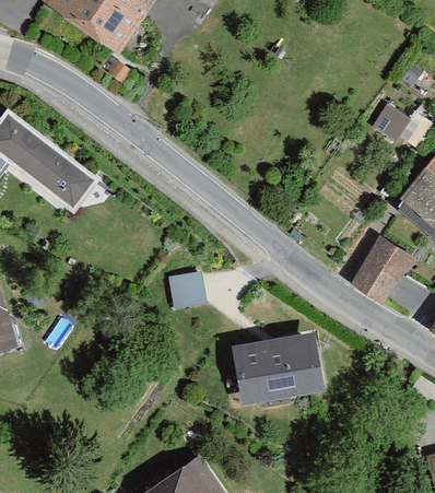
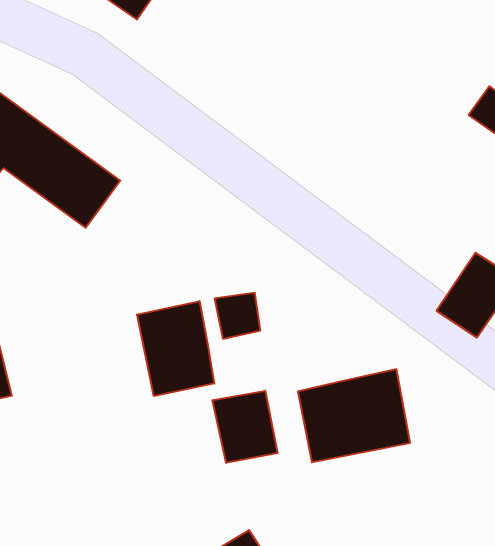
building: none -> [137,301,214,396]
building: none -> [213,391,278,463]

